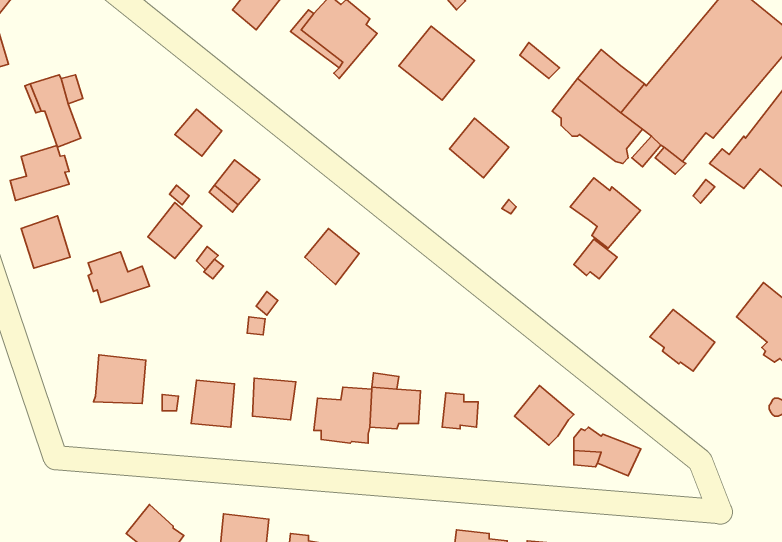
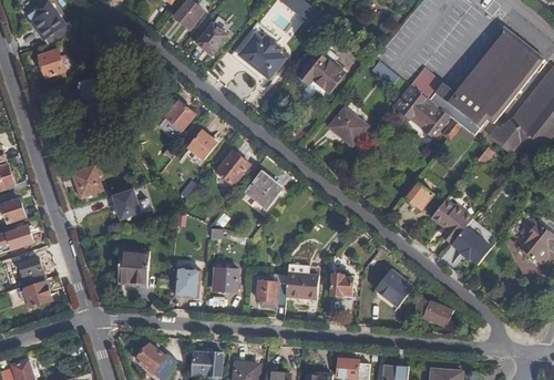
building: [10,146,69,201] -> none
building: [570,178,641,248] -> [433,196,476,239]
building: [148,203,202,259] -> [213,151,246,185]

